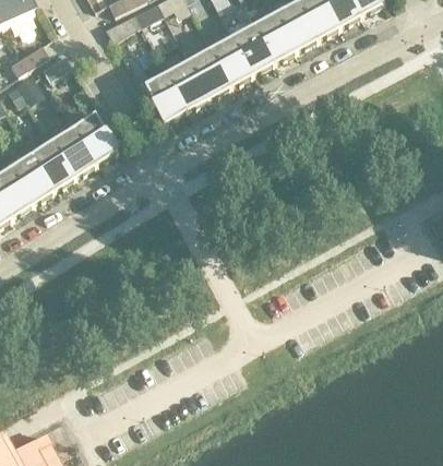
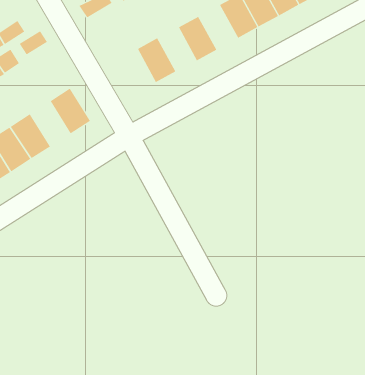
building: [231,24,273,72] -> none
building: [188,48,229,95] -> none
building: [144,71,185,120] -> none
building: [52,127,95,175] -> none

